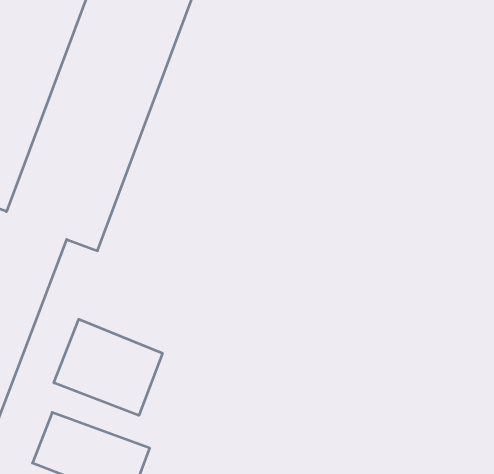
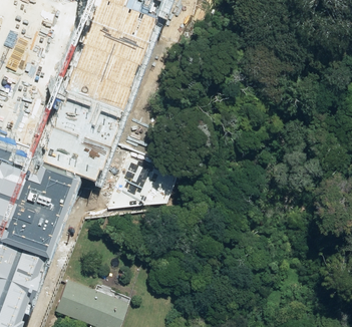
building: [54,319,162,415] -> none

